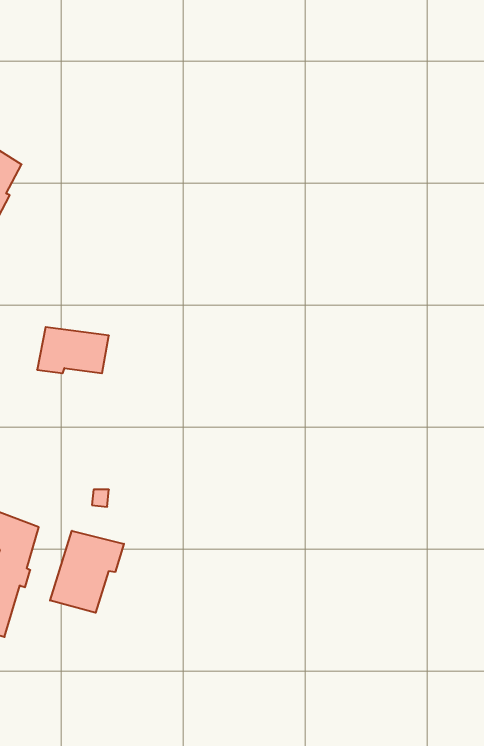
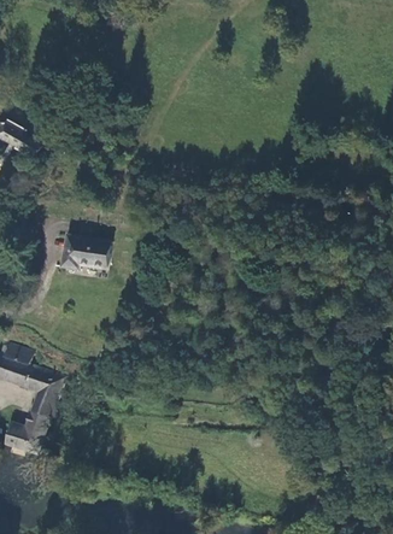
building: [50,531,124,613] -> none

